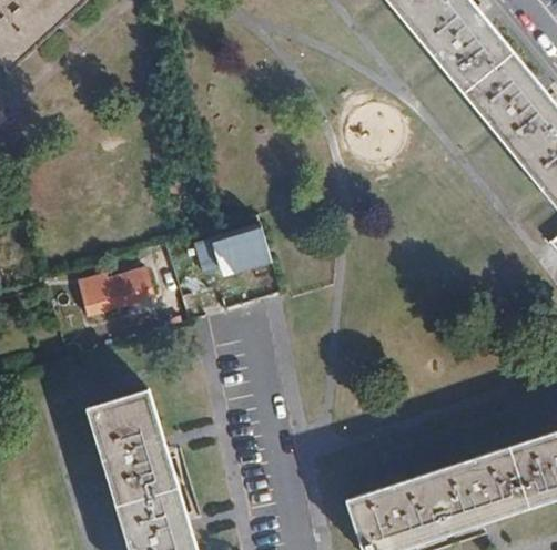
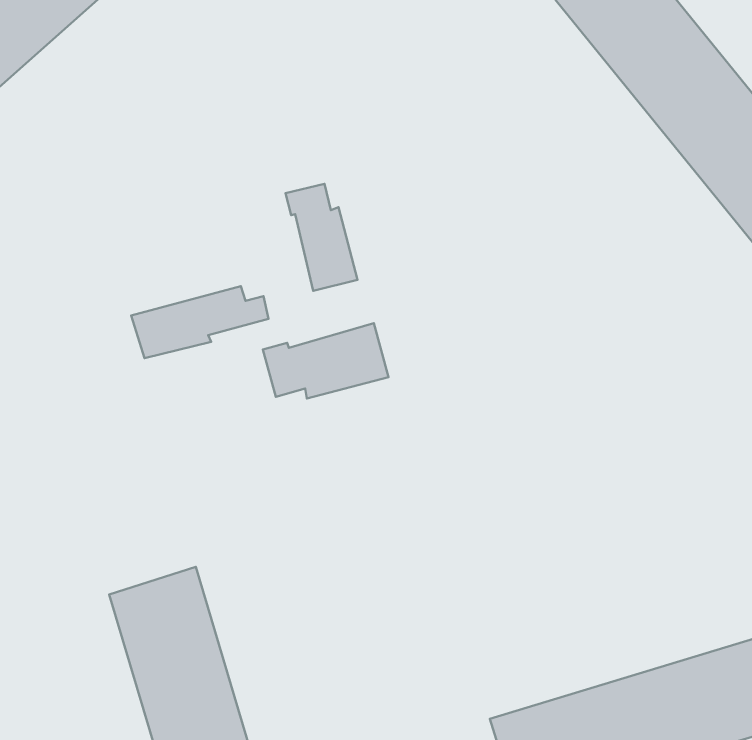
building: none -> [285,184,357,291]
building: [78,269,171,318] -> [131,286,268,358]

